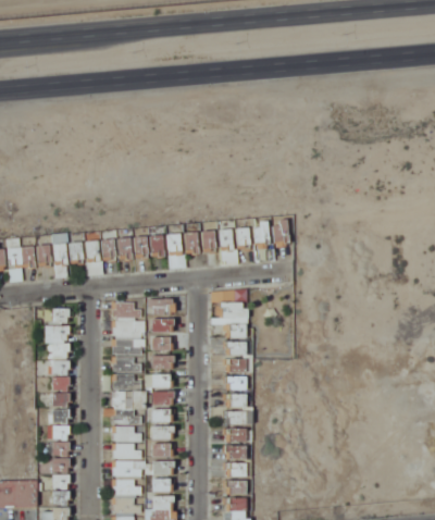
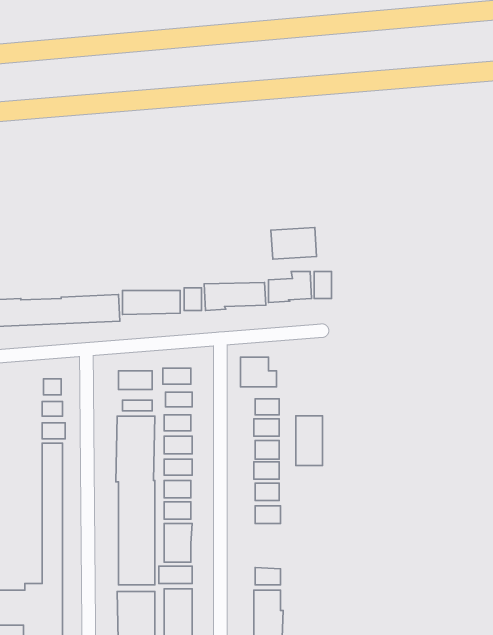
building: none -> [271,227,317,259]
building: none -> [296,416,323,465]
building: [225,428,246,457] -> none

